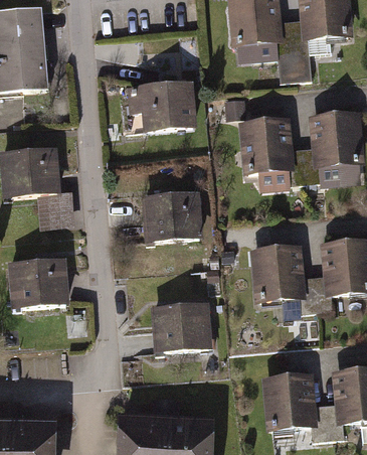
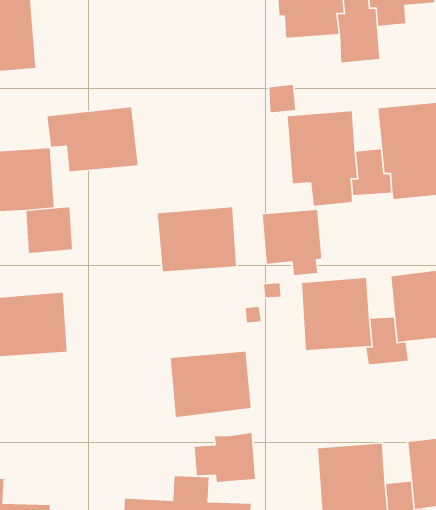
building: [125,82,195,132] -> [47,107,138,172]
building: none -> [262,209,322,276]
building: none -> [194,432,256,483]

